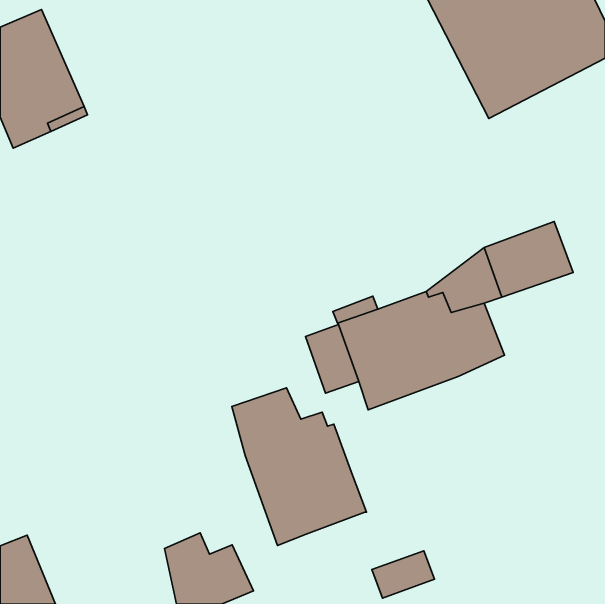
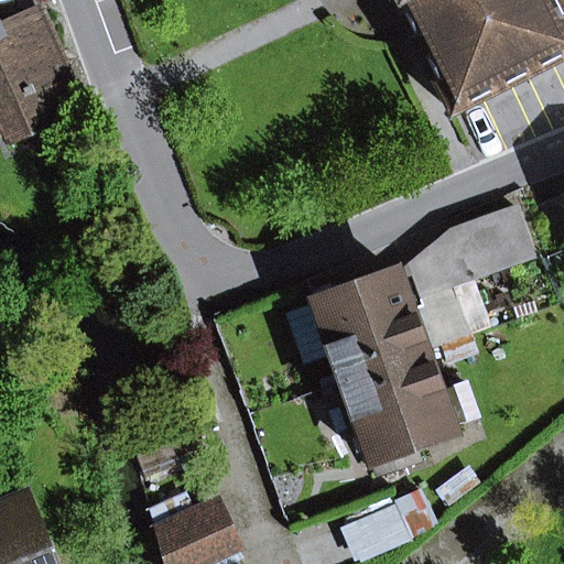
building: none -> [343,350,478,466]
building: [232,388,366,545] -> none

